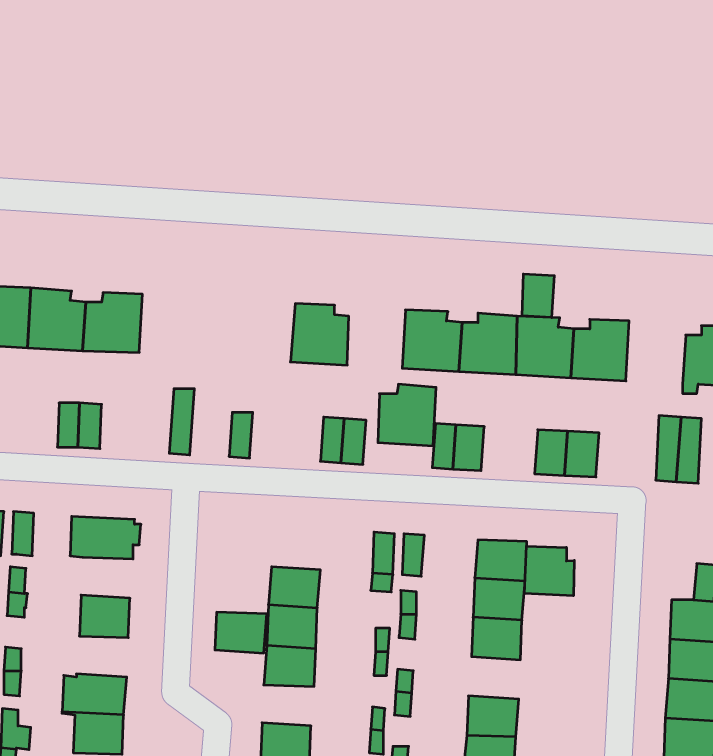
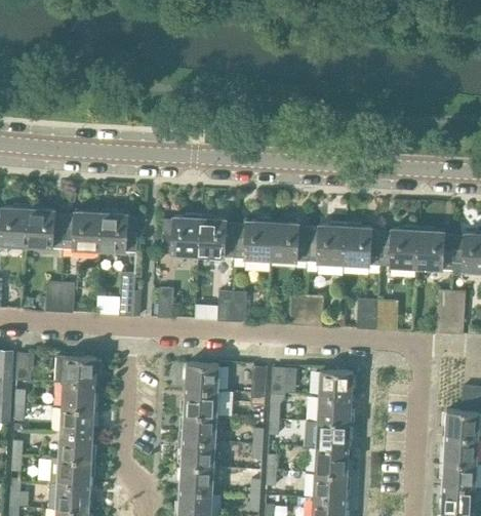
building: [522,274,554,318] -> none
building: none -> [99,212,138,252]
building: none -> [161,216,201,256]
building: none -> [416,230,455,271]
building: [378,384,436,446] -> [235,221,273,261]
building: none -> [186,364,218,392]
building: [525,546,574,596] -> none
building: none -> [62,384,95,410]
building: [215,612,267,653] -> [179,467,213,493]
building: none -> [58,435,92,462]
building: none -> [314,448,348,476]

